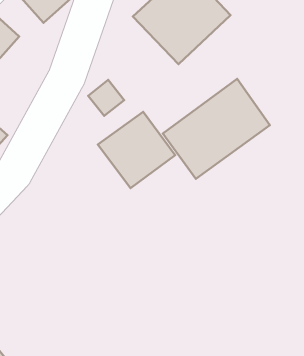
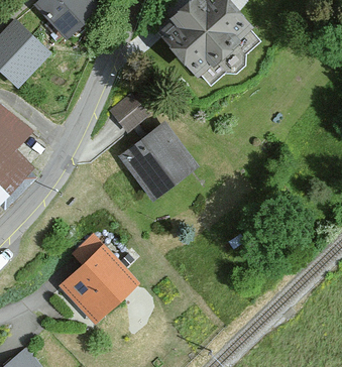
building: [163,79,270,179] -> none
building: none -> [64,235,136,320]

